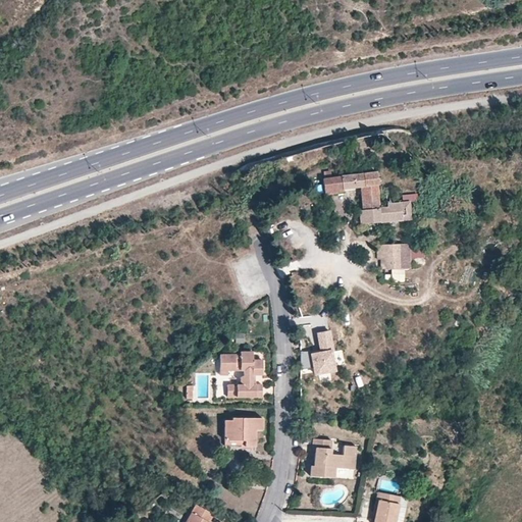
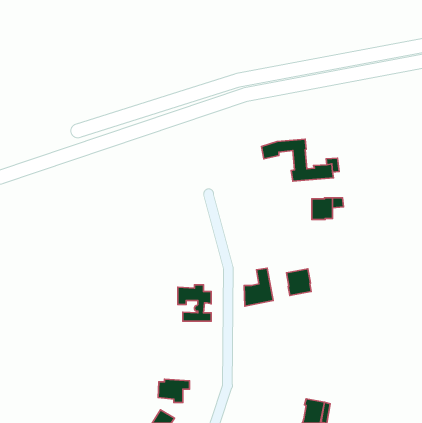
building: none -> [287,269,311,295]
building: [225,415,264,443] -> [158,379,189,402]
building: [311,437,355,477] -> none

